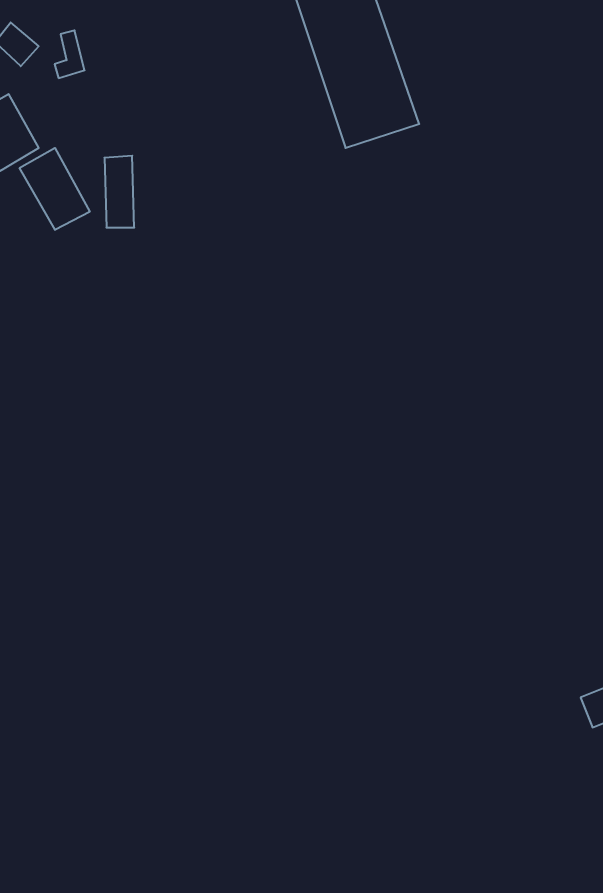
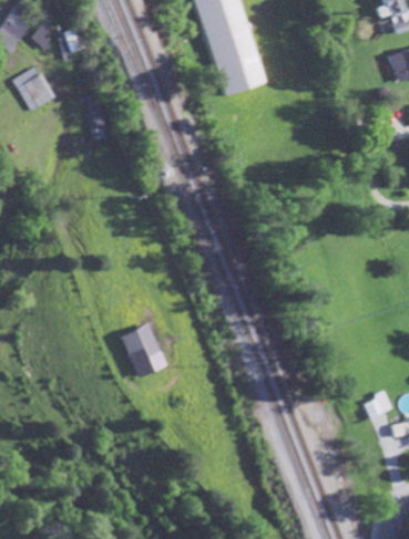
building: [20,148,90,230] -> none
building: none -> [120,322,167,376]

